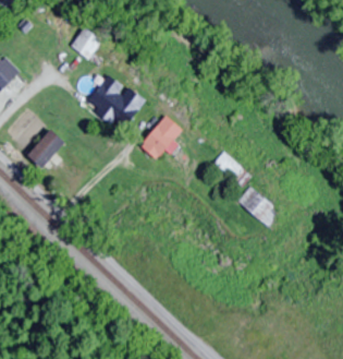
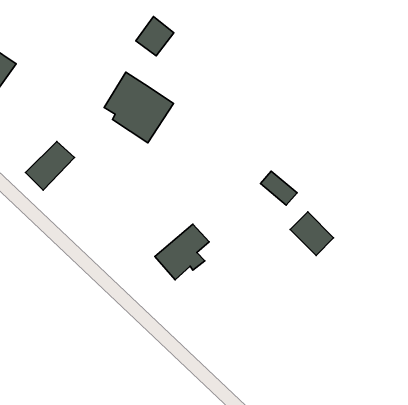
building: [71,27,101,59] -> [136,16,174,56]
building: [138,117,182,161] -> [155,224,209,280]

